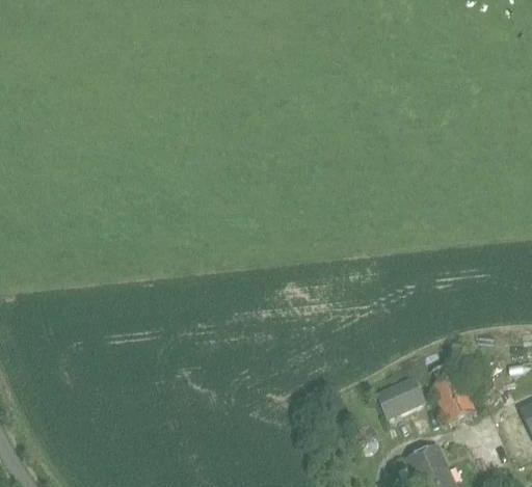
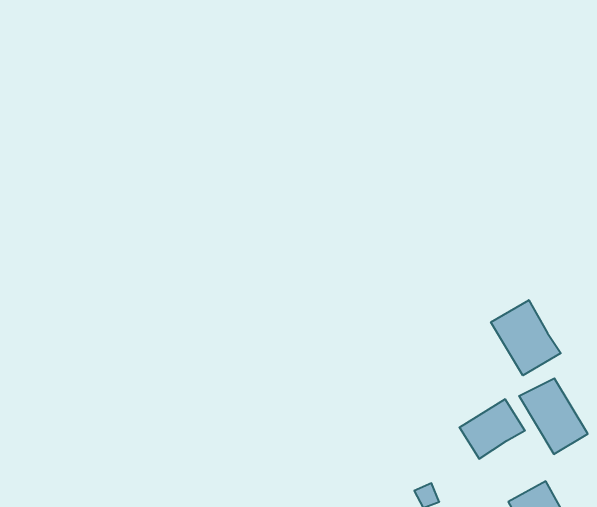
building: none -> [491,300,561,375]

